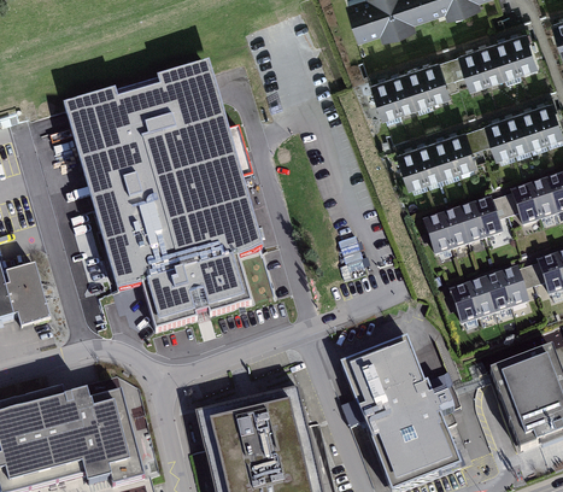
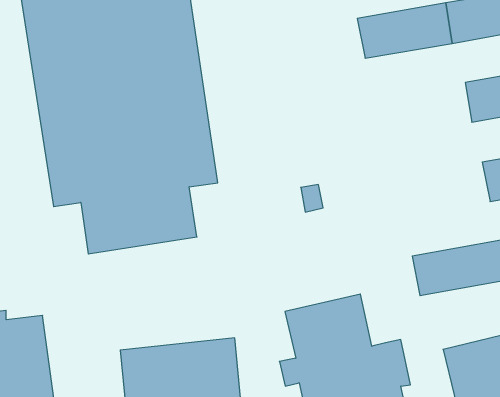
building: [397,127,487,187] -> none
building: [423,197,514,257] -> none

